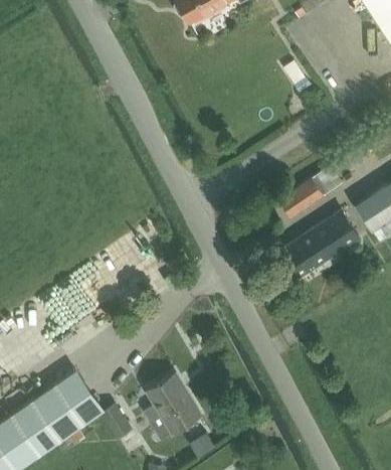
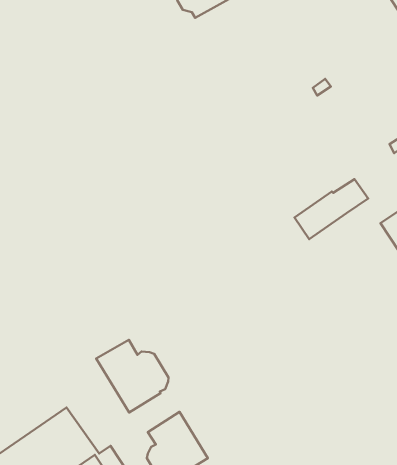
building: [275,210,361,282] -> none
building: none -> [96,340,169,413]

